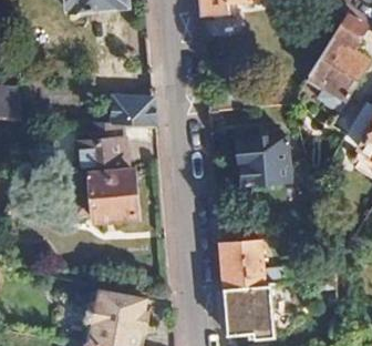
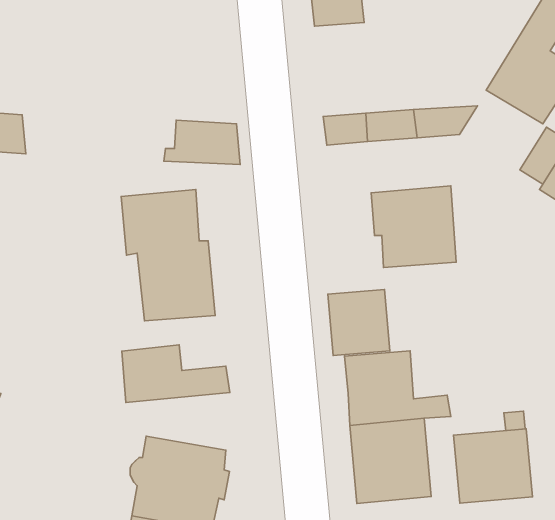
building: none -> [328,289,390,356]
building: none -> [122,345,230,402]
building: none -> [454,429,532,503]

